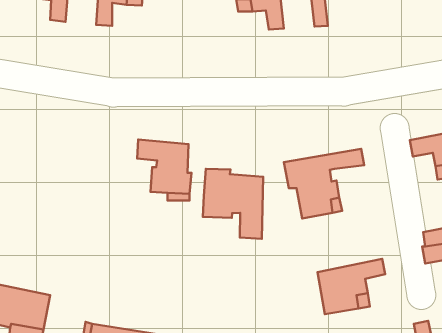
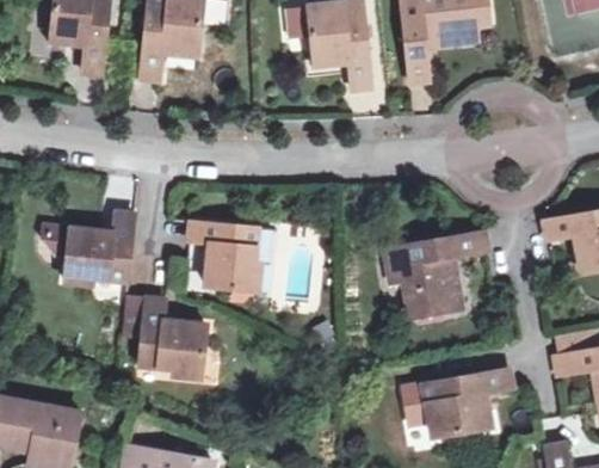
building: none -> [44,216,136,290]
building: [203,169,263,239] -> none
building: none -> [124,297,206,375]

